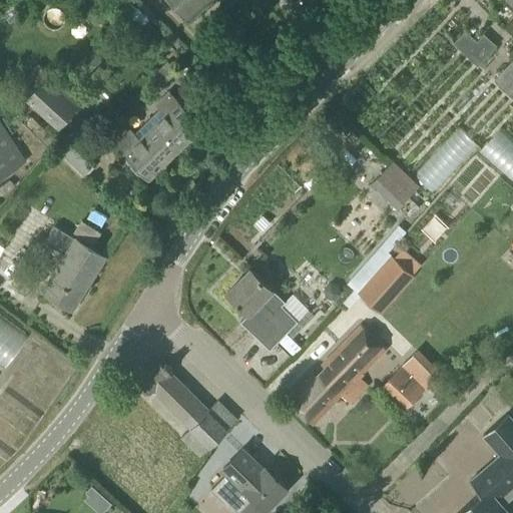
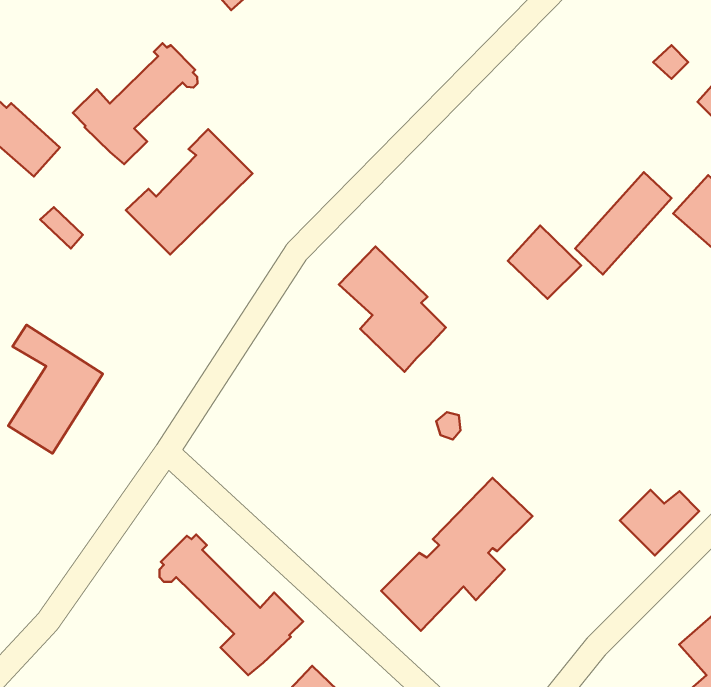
building: none -> [73,43,197,164]
building: [360,259,414,314] -> none
building: [227,270,298,352] -> [339,246,446,372]
building: [382,367,434,410] -> [620,490,699,556]

